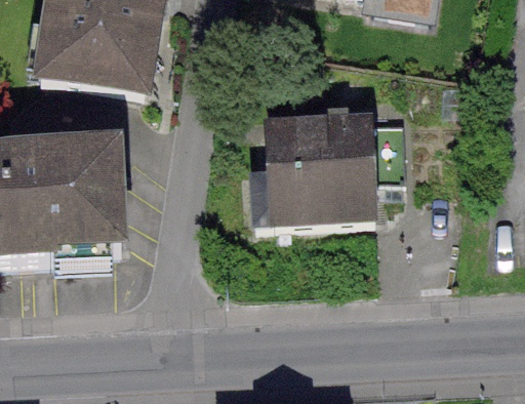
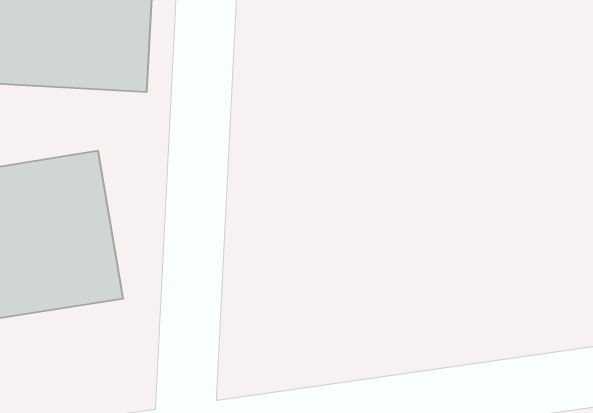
building: [252,121,368,226] -> none

